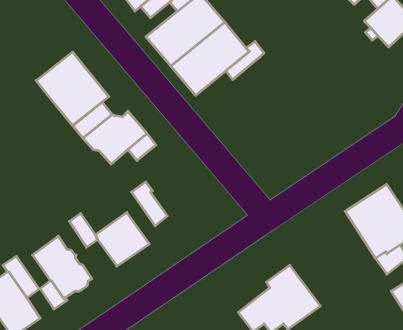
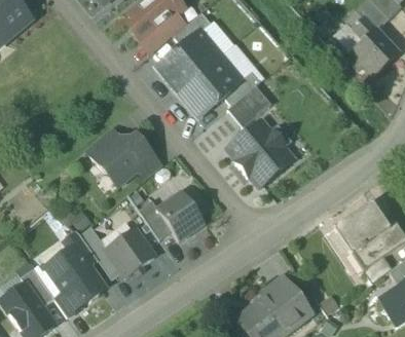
building: [36,52,109,125] -> none
building: none -> [227,84,272,127]
building: none -> [229,120,293,185]
building: none -> [156,189,205,239]
building: none -> [64,230,98,265]

